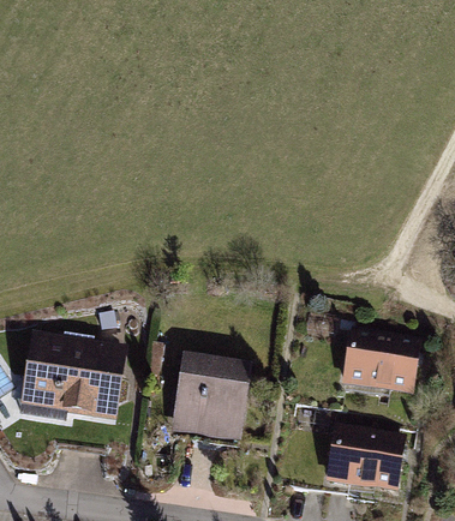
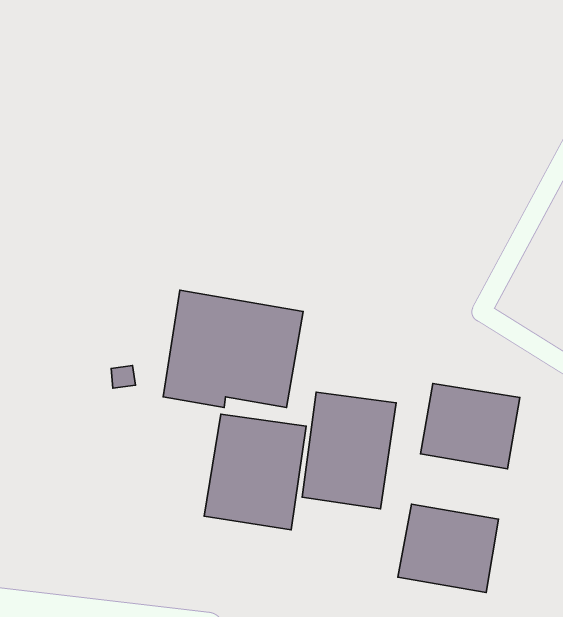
building: [18,330,128,423] -> [163,290,303,408]
building: none -> [302,392,396,509]

